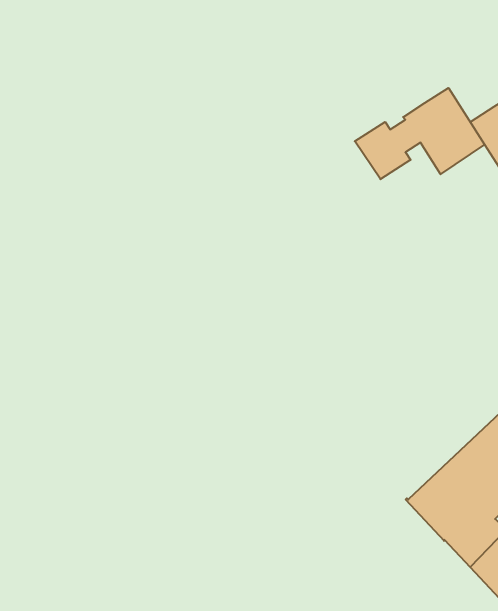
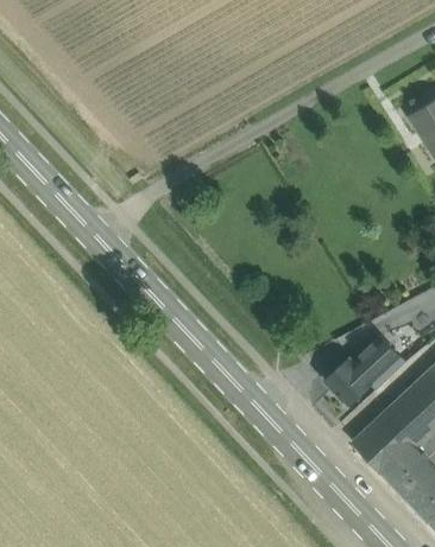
building: [355,88,485,179] -> none
building: none -> [324,337,405,403]

